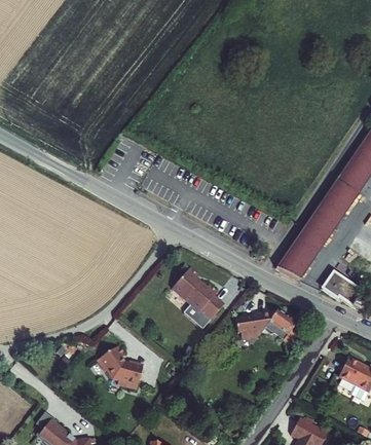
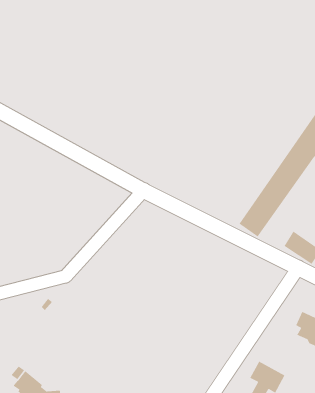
building: [173,265,225,327] -> none
building: [235,309,295,345] -> none
building: [98,344,145,386] -> none

